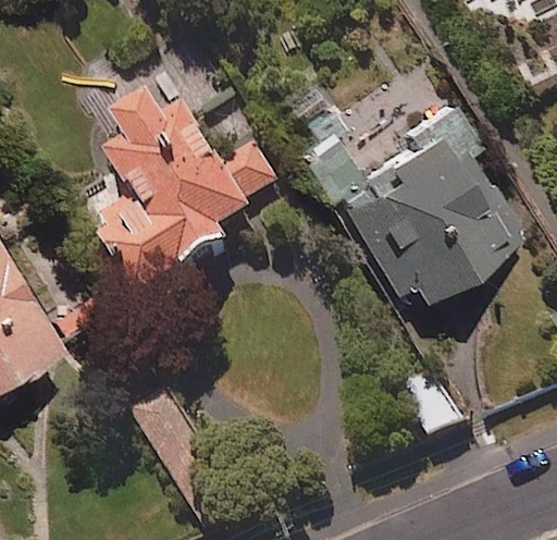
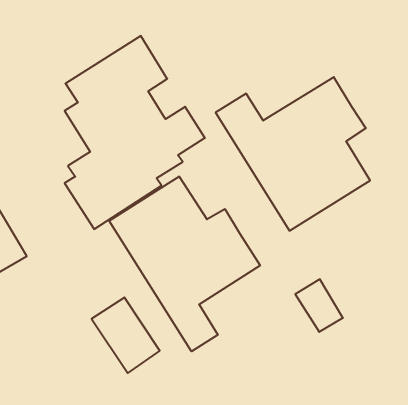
building: none -> [109,176,260,351]

